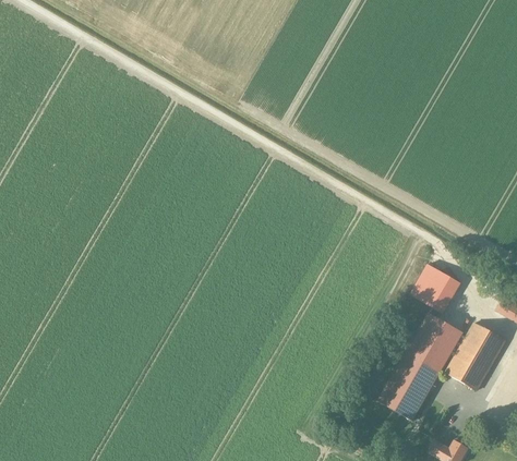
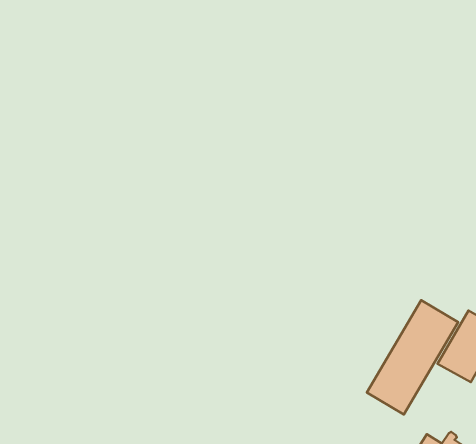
building: [410,264,461,314] -> none

